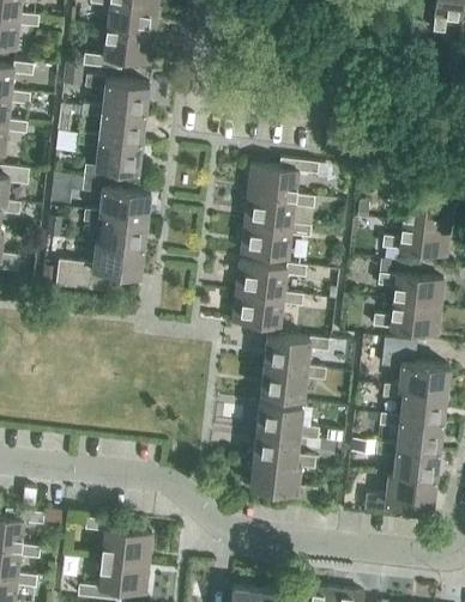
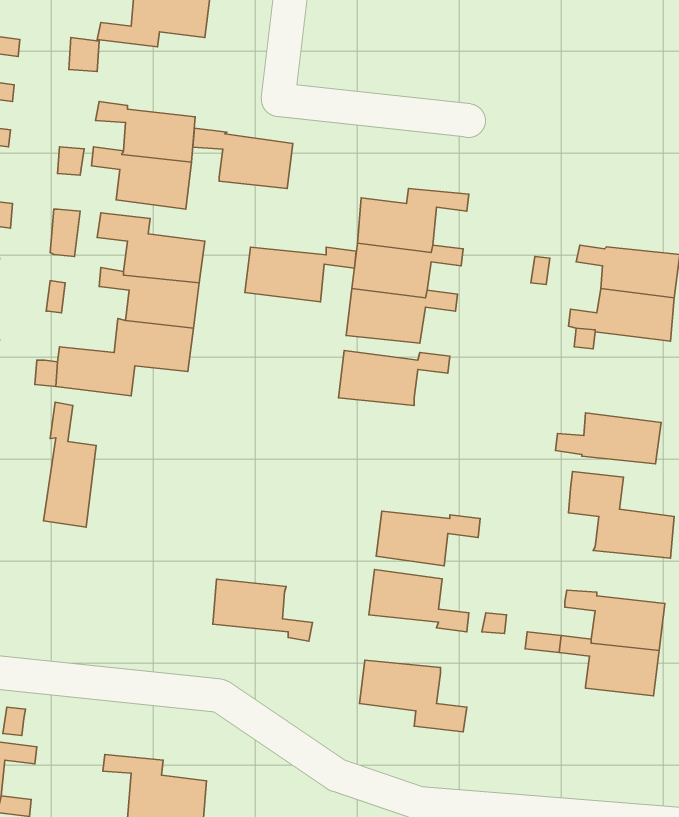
building: [85,77,149,115] -> [193,128,293,189]
building: [379,275,443,309] -> none
building: [232,293,303,328] -> [245,247,356,302]
building: none -> [43,402,96,527]
building: [264,335,330,370] -> none
building: [384,385,447,424] -> none
building: [253,431,316,470] -> [213,579,313,641]
building: [364,476,436,515] -> none

